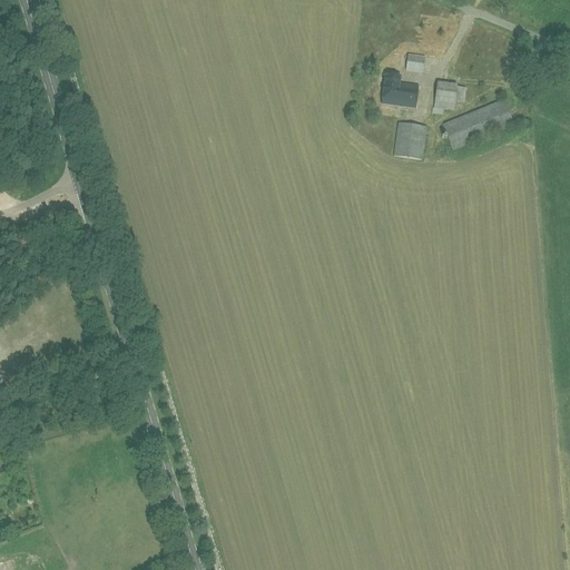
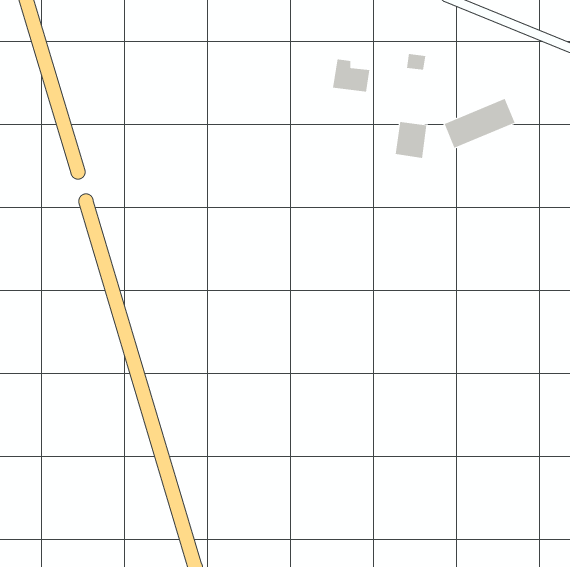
building: [381,72,419,106] -> [332,59,370,92]
building: [432,80,466,112] -> none

